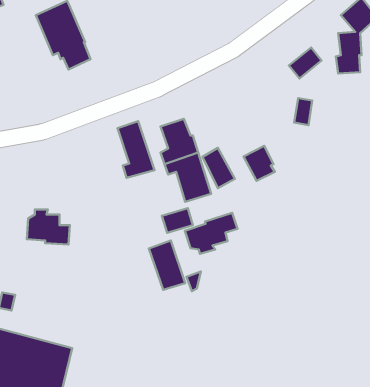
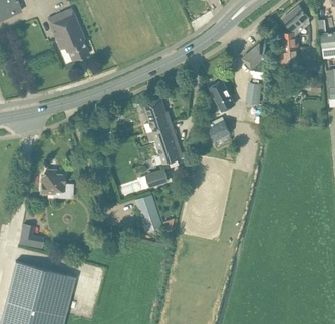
building: [117,121,154,178] -> none
building: [202,148,235,188] -> [210,80,235,111]
building: [185,213,238,254] -> none

